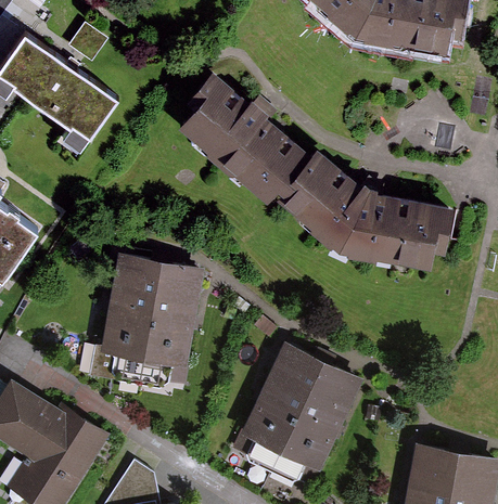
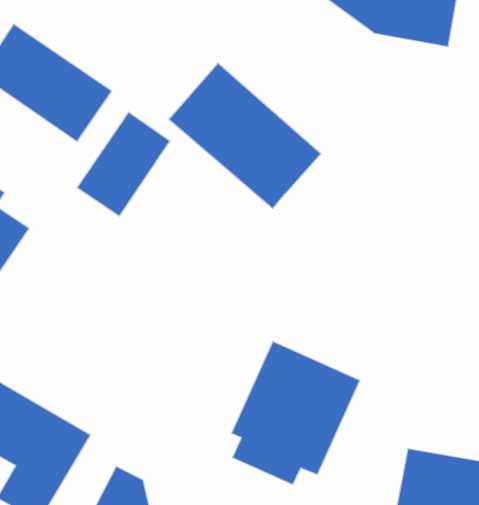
building: none -> [77,112,170,216]
building: [291,154,460,269] -> none
building: [100,262,201,386] -> none

